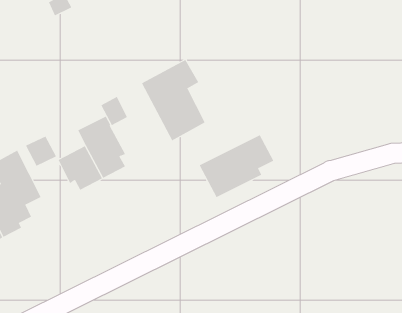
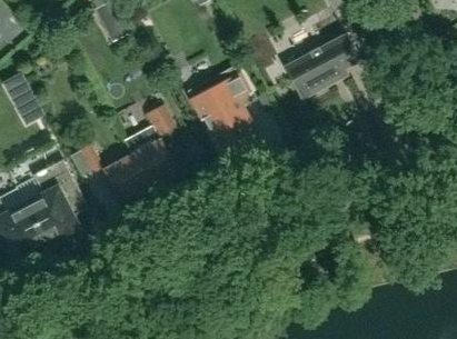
building: [199,134,274,198] -> [284,33,360,98]

